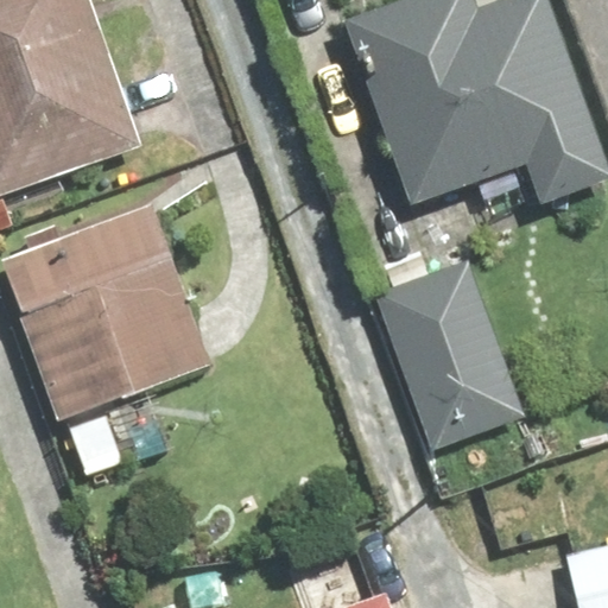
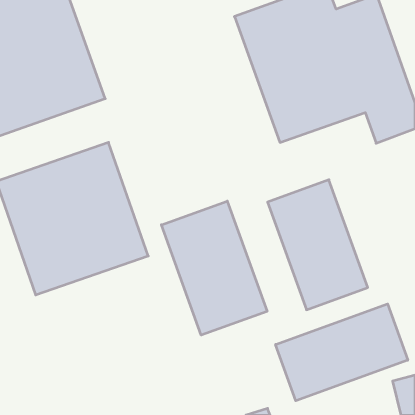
building: none -> [161,201,267,335]
building: none -> [276,304,408,401]

